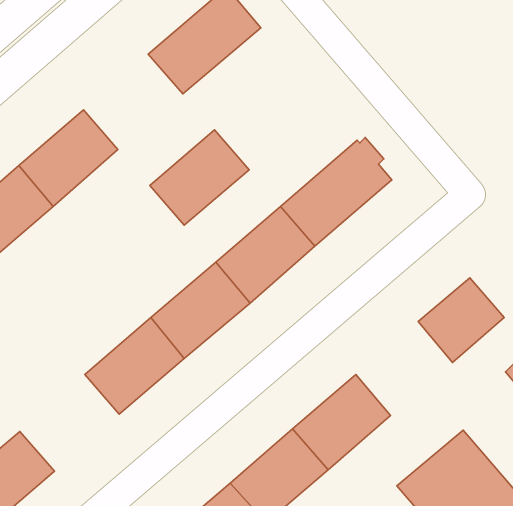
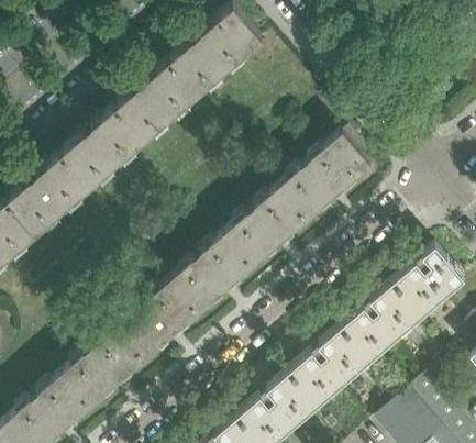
building: [150,130,249,225] -> [115,62,198,141]
building: none -> [342,284,422,362]
building: none -> [63,328,145,408]

